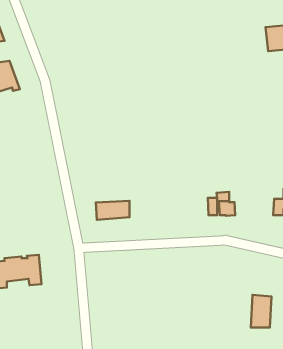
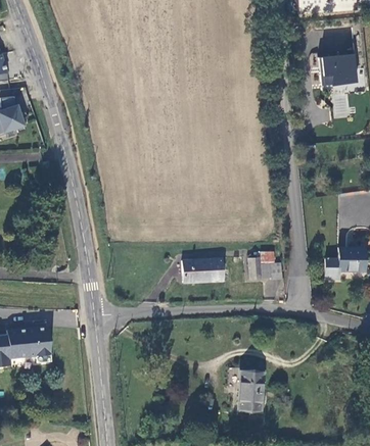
building: [96,201,129,220] -> [183,259,223,282]
building: [251,295,271,328] -> [238,369,263,408]

